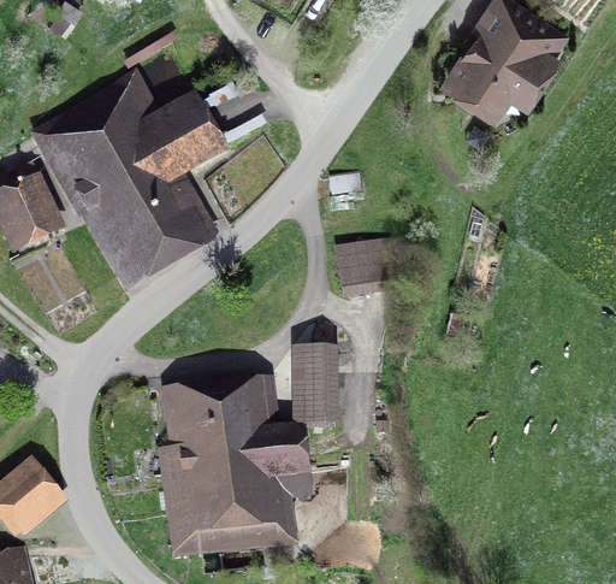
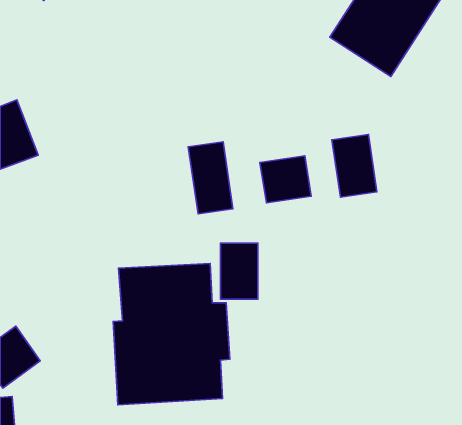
building: [35,76,221,288] -> none
building: none -> [332,134,377,197]
building: none -> [188,142,233,214]

